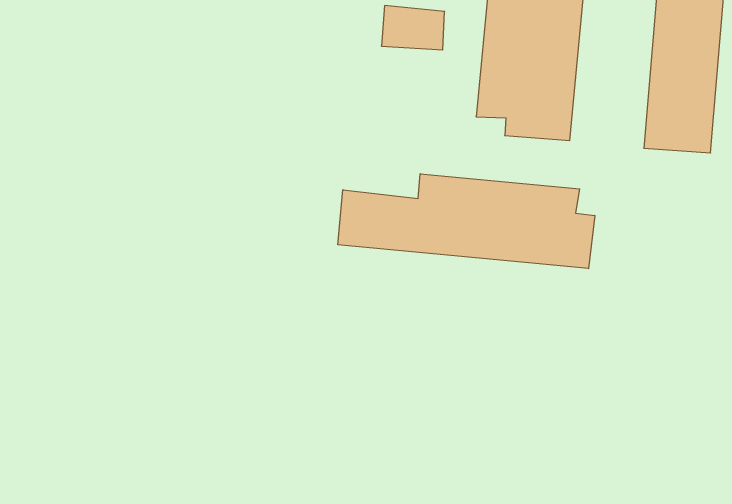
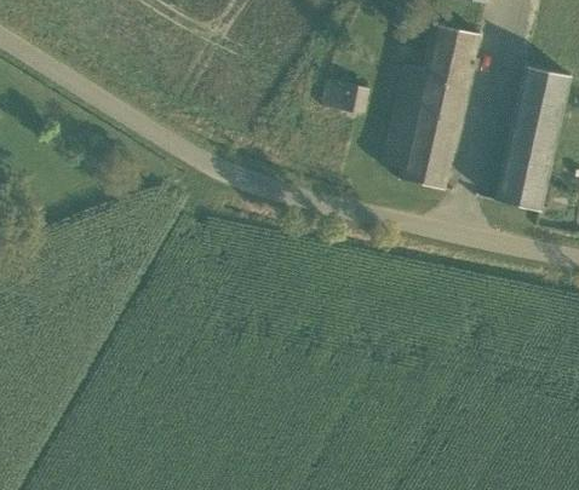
building: [338,174,595,269] -> none

